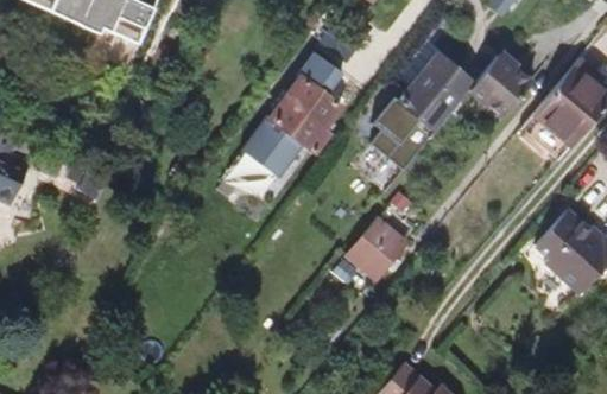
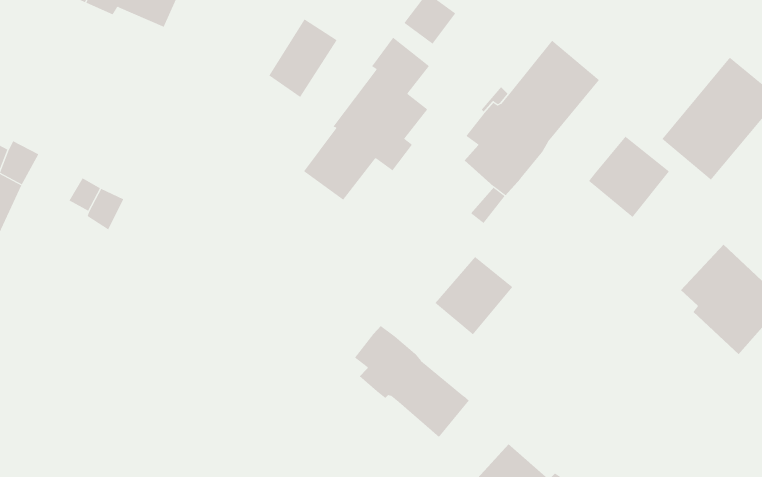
building: none -> [269,19,338,98]
building: [469,55,532,117] -> [588,136,670,218]
building: none -> [354,325,470,438]

